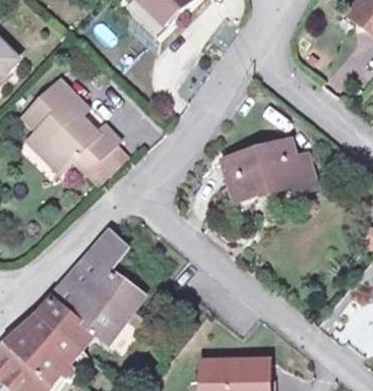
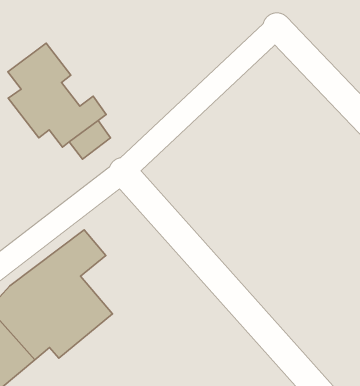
building: [221,145,315,205] -> none

